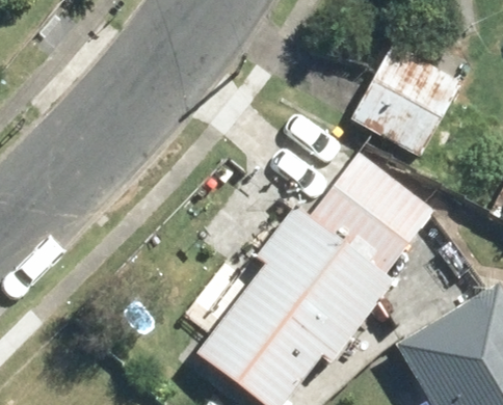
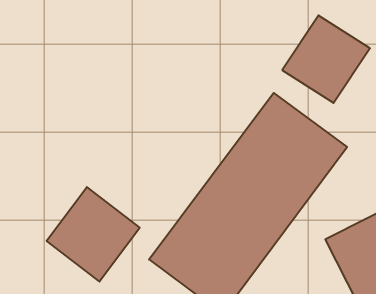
building: none -> [47,187,140,282]

